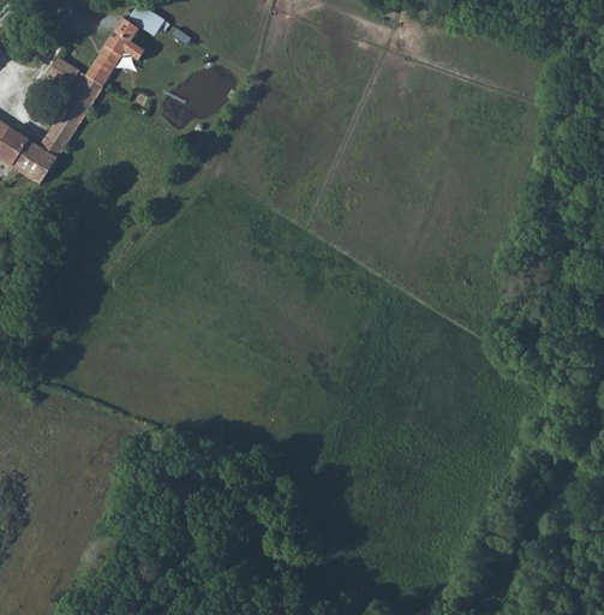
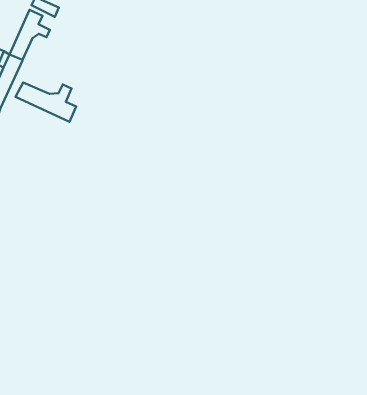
building: none -> [16,82,76,122]

